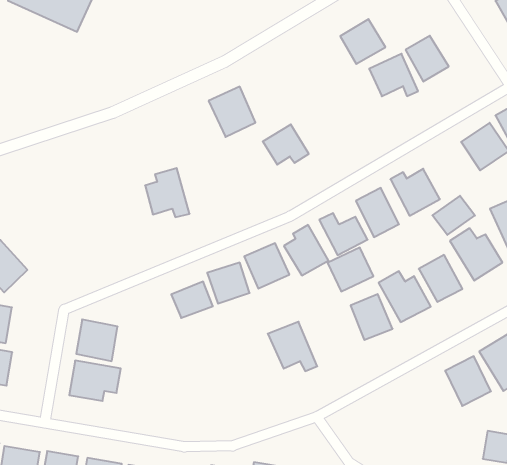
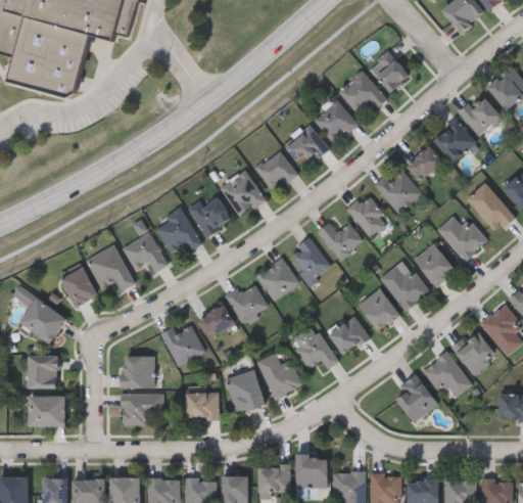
building: [340,19,385,64] -> [315,100,356,142]
building: [209,87,255,137] -> [220,170,265,217]
building: none -> [285,126,330,163]
building: none -> [189,193,232,236]
building: none -> [123,233,167,273]
building: [432,196,475,235] -> [406,145,443,182]
building: none -> [86,244,134,290]
building: none -> [60,267,97,308]
building: [328,248,373,291] -> [327,314,370,356]
building: none -> [161,325,204,366]
building: none -> [257,353,302,399]
building: none -> [227,370,265,413]
building: none -> [186,393,219,419]
building: none -> [423,351,471,401]
building: none -> [396,374,438,422]

